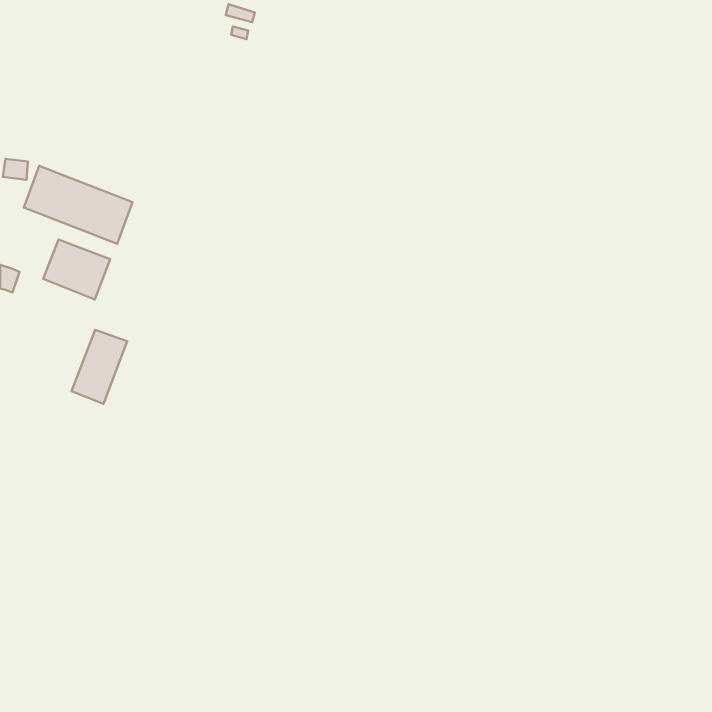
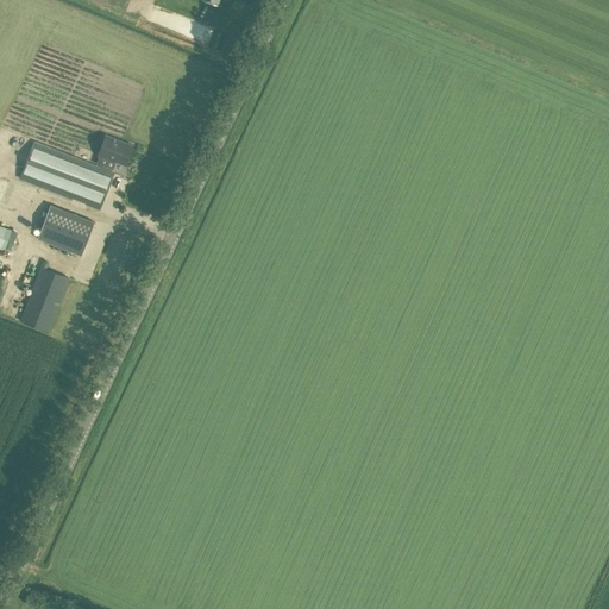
building: none -> [95,136,132,170]
building: [72,330,127,404] -> [20,268,68,331]

